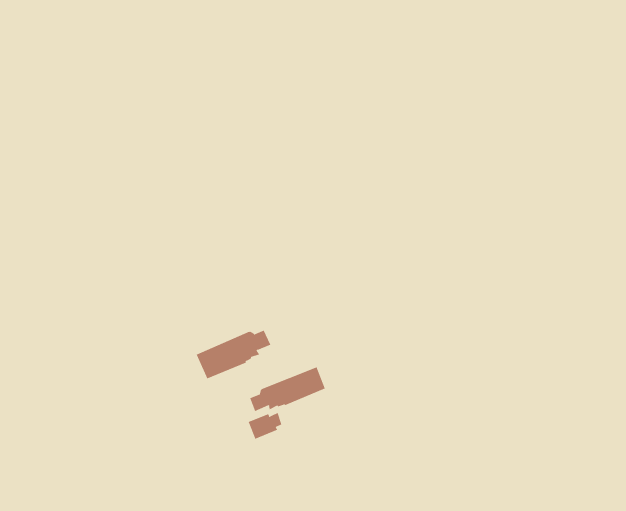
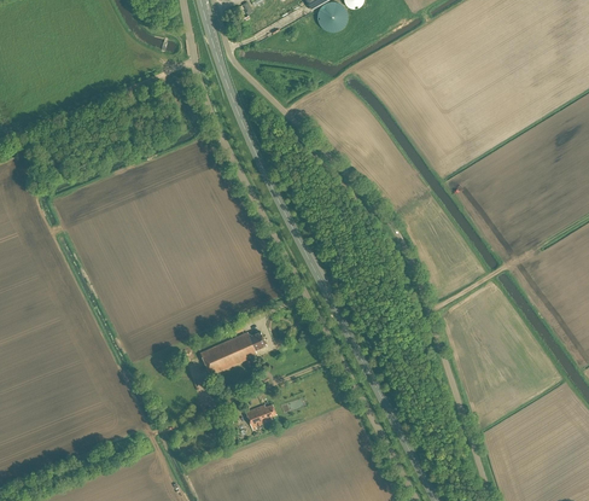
building: [250,367,326,412] -> none

